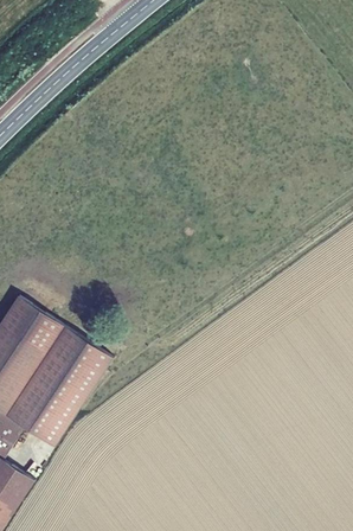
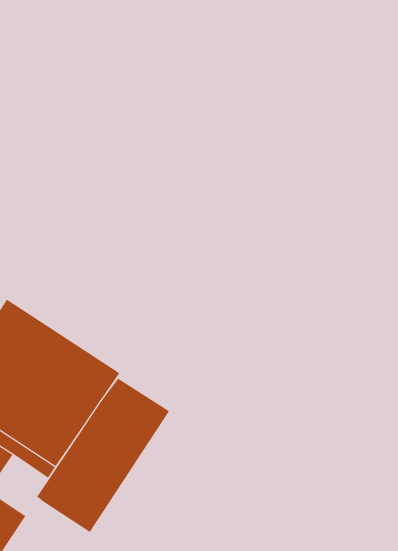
building: none -> [36,378,170,533]

